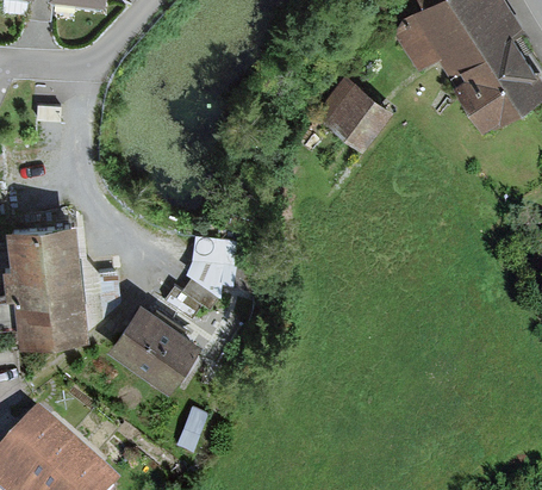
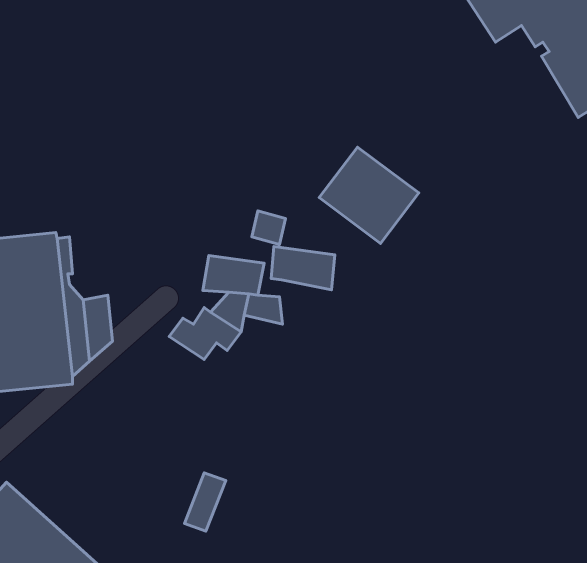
building: [314,75,392,150] -> [319,147,419,244]
building: none -> [271,246,335,290]
building: [107,302,203,392] -> none

